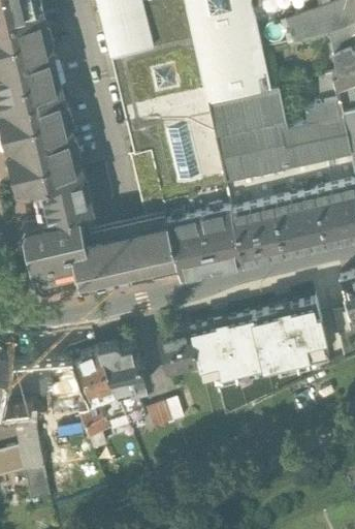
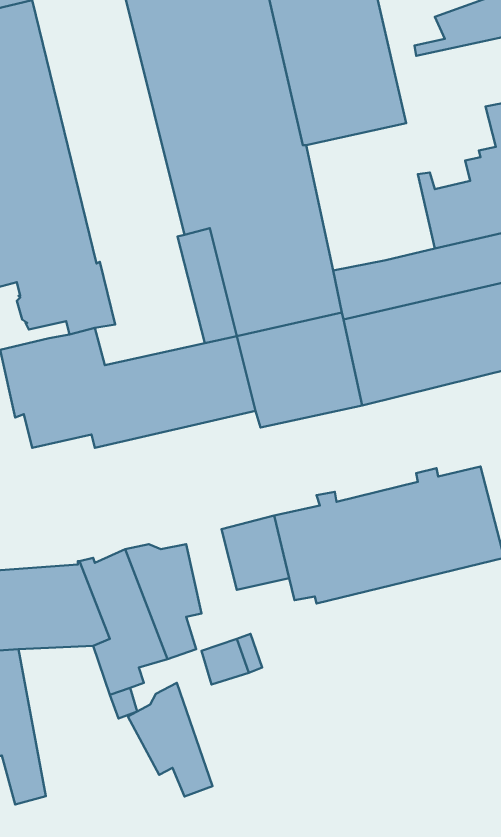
building: [209,86,288,178] -> none
building: none -> [128,683,213,797]

